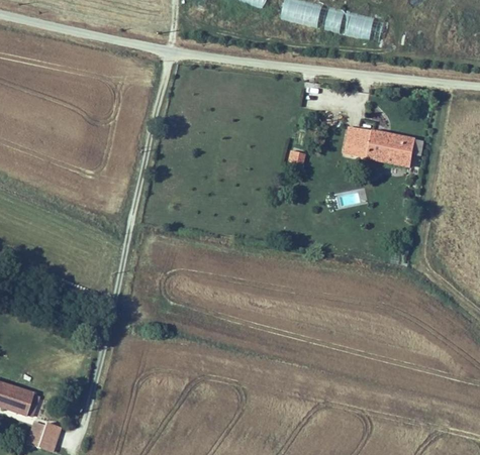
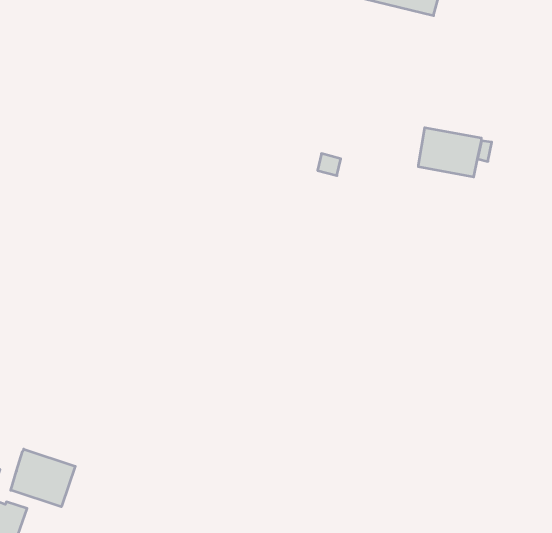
building: [343,125,371,158] -> none
building: none -> [11,449,75,507]

